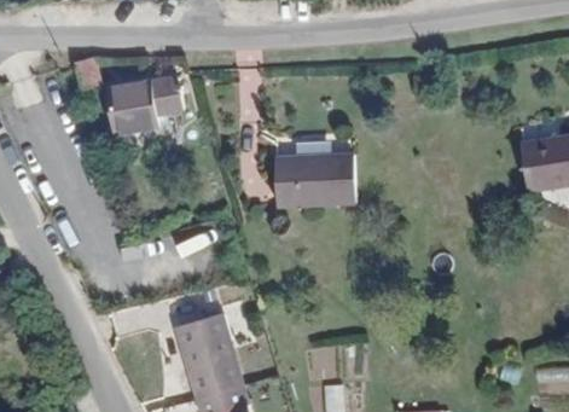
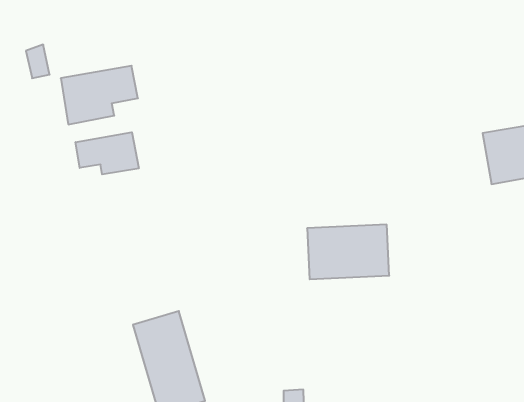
building: none -> [76,132,139,174]
building: [274,155,354,208] -> [307,225,389,279]

